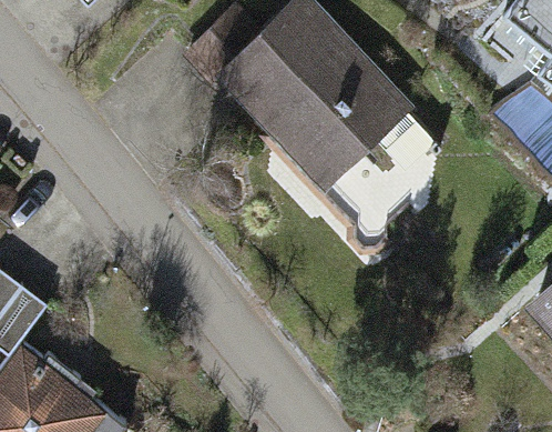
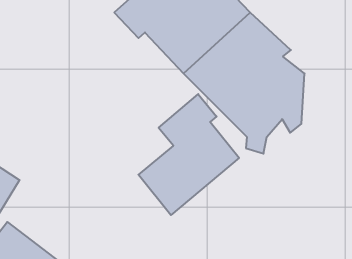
building: none -> [138,94,239,215]

